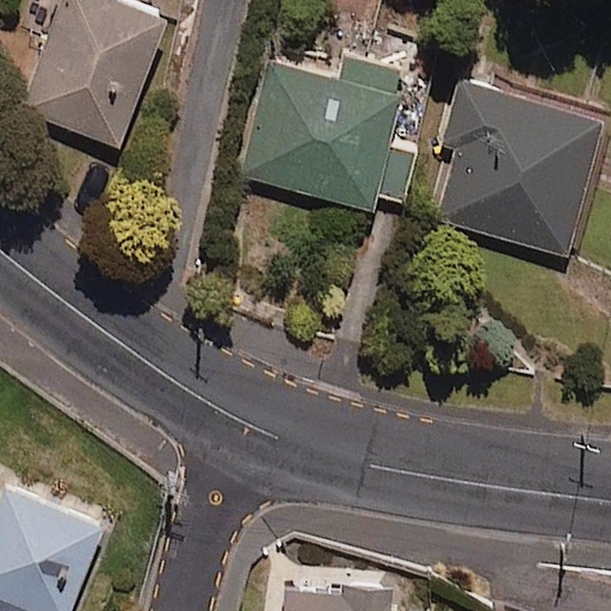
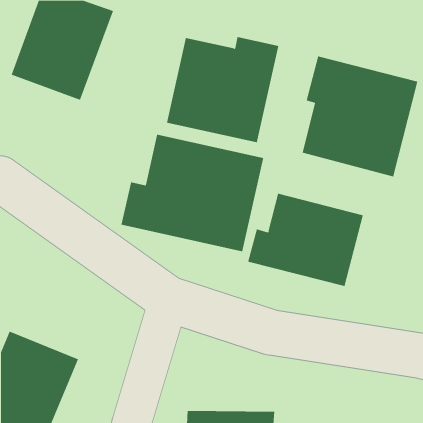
building: none -> [121,134,264,252]
building: none -> [248,193,364,287]

